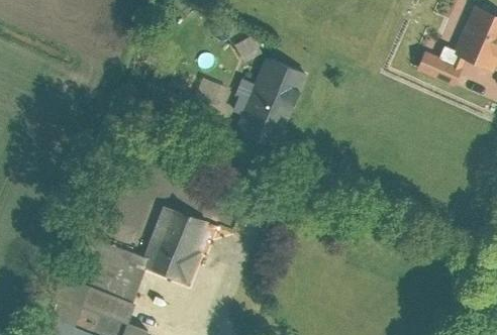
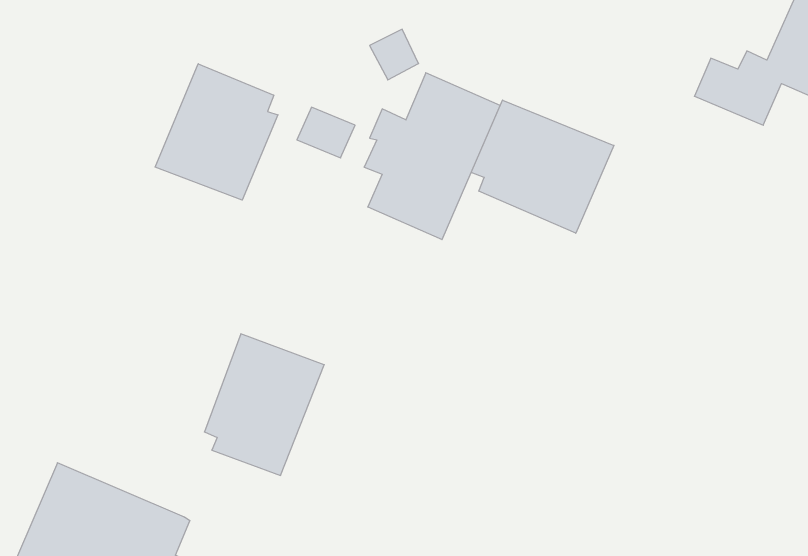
building: none -> [155,64,278,200]
building: none -> [471,100,614,233]
building: [63,231,151,305] -> none

